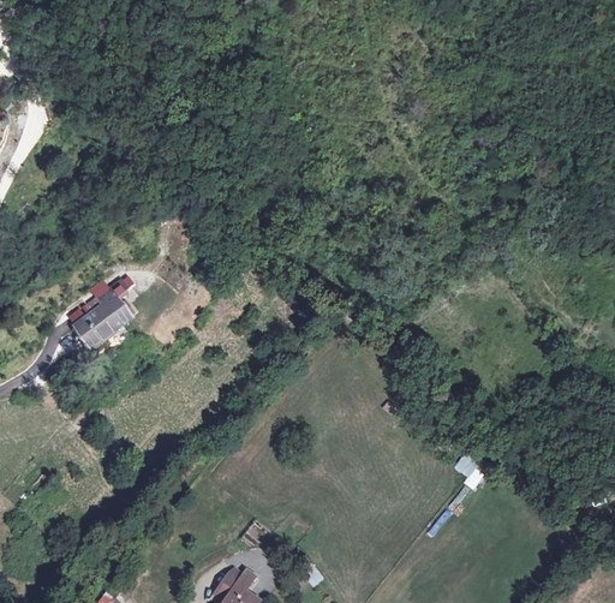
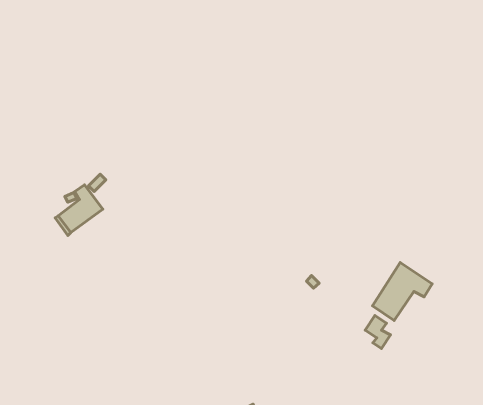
building: none -> [373,263,432,321]

